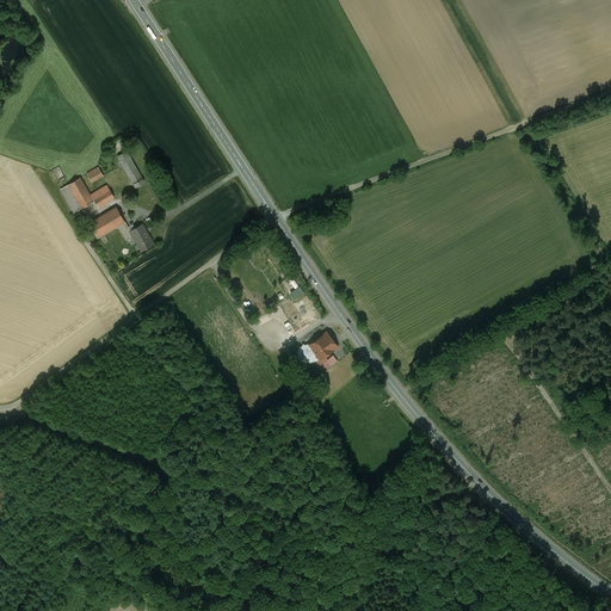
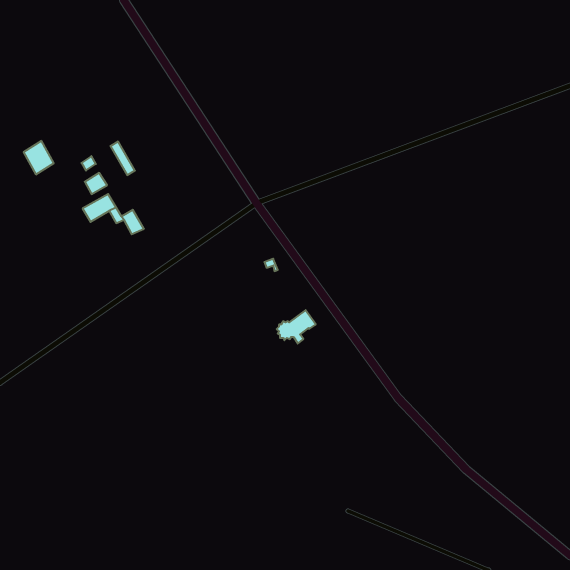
building: [61,178,93,214] -> [24,141,54,174]

